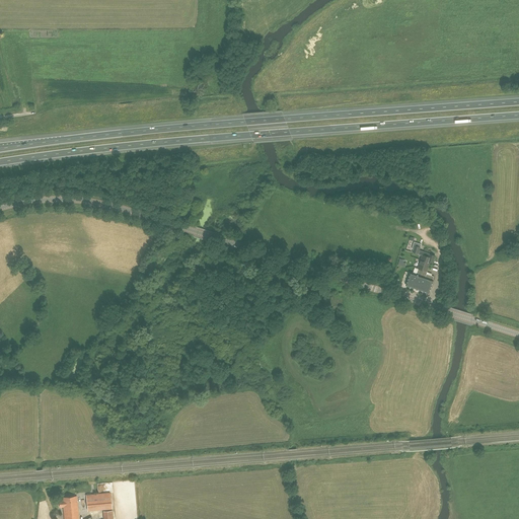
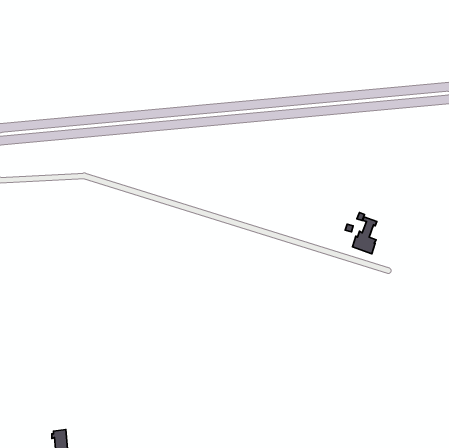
building: [86,494,112,512] -> none

